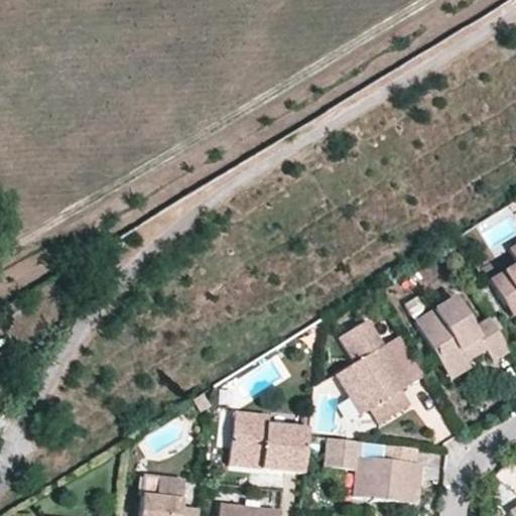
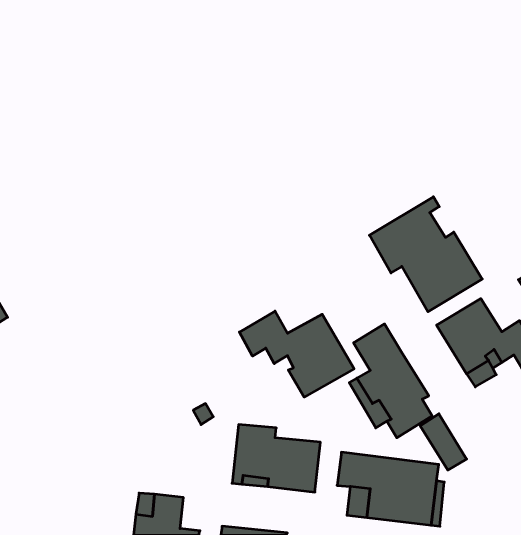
building: none -> [369,197,482,312]
building: none -> [239,311,354,397]
building: [383,334,425,385] -> [420,414,467,470]

